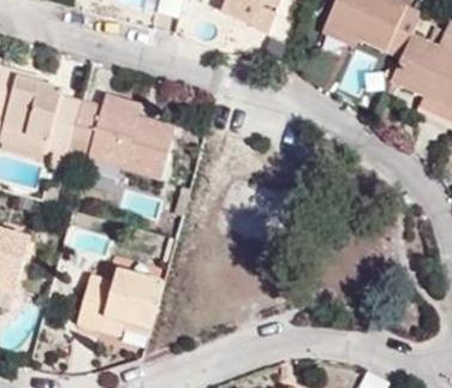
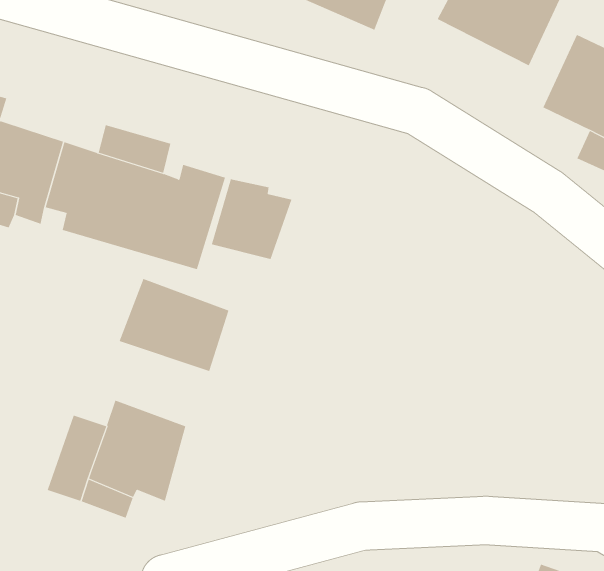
building: none -> [211,179,292,260]
building: none -> [119,278,229,372]

